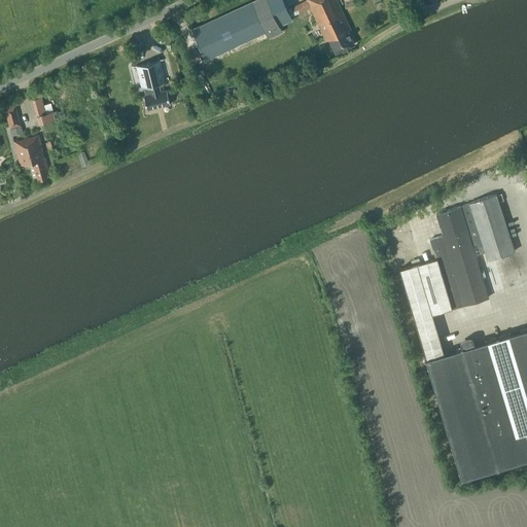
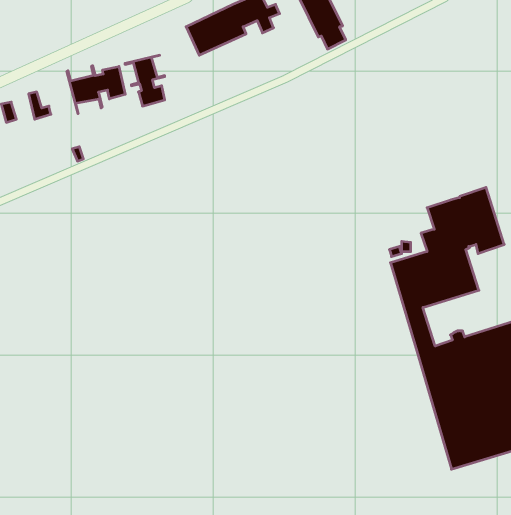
building: none -> [67,66,125,114]
building: [13,136,49,181] -> none

